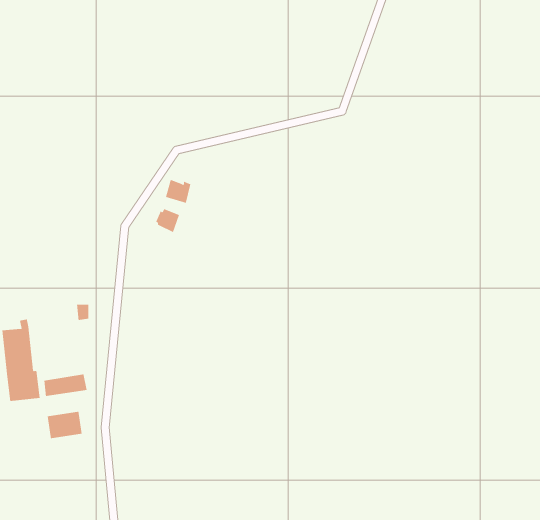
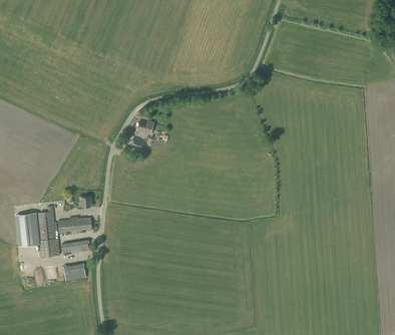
building: none -> [57,215,91,233]

